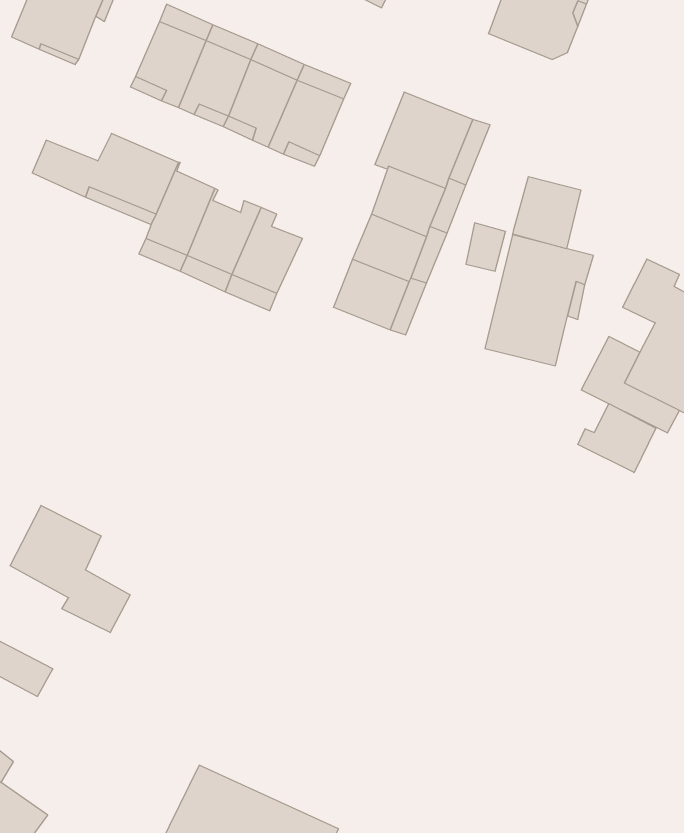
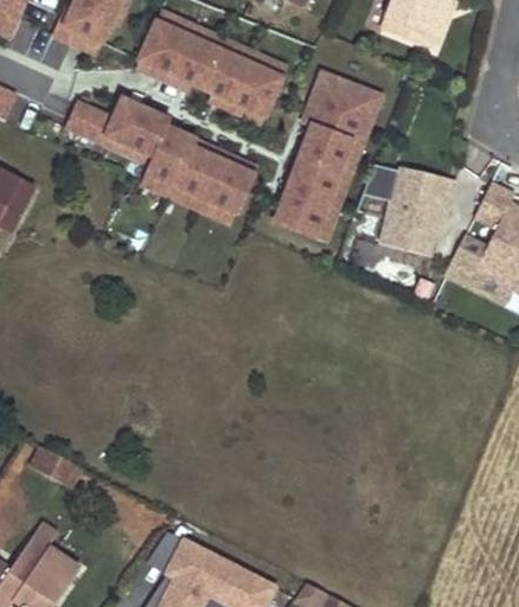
building: [513,177,581,249] -> none
building: [578,404,656,473] -> none
building: [10,505,130,633] -> none

